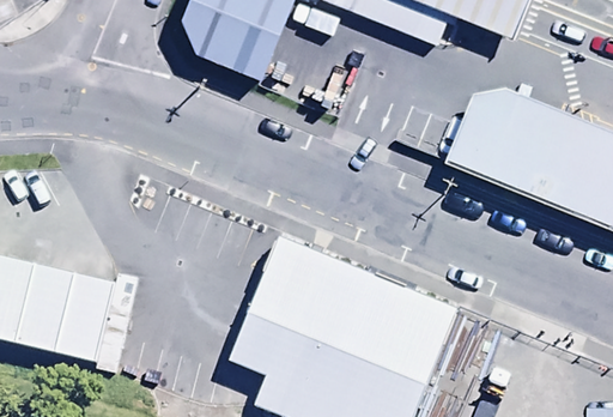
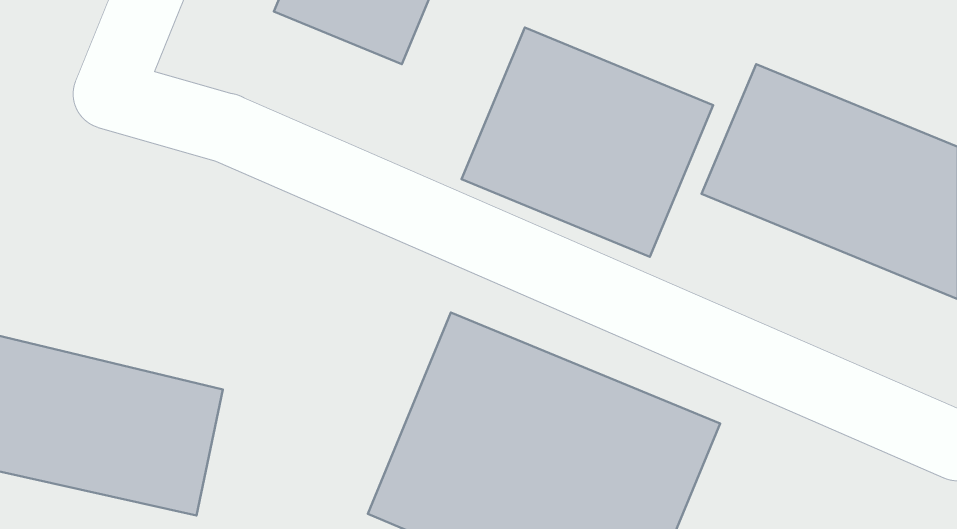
building: none -> [461,28,713,257]

